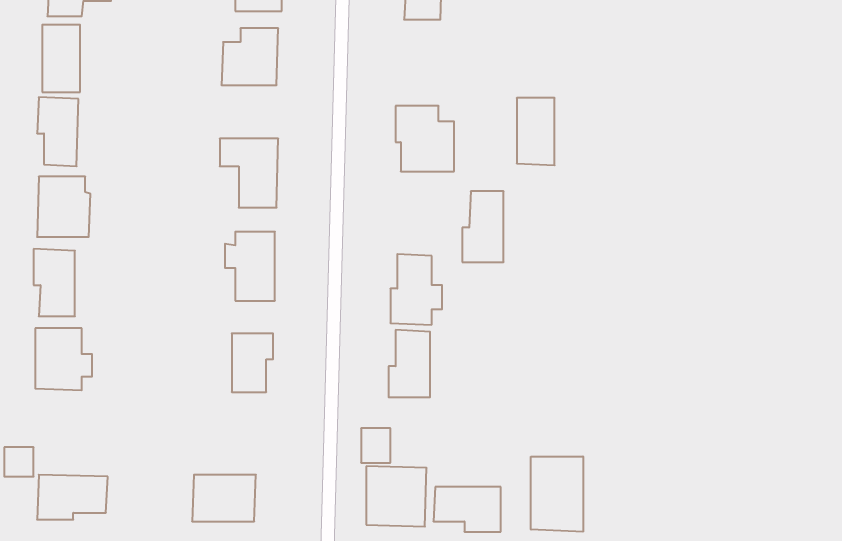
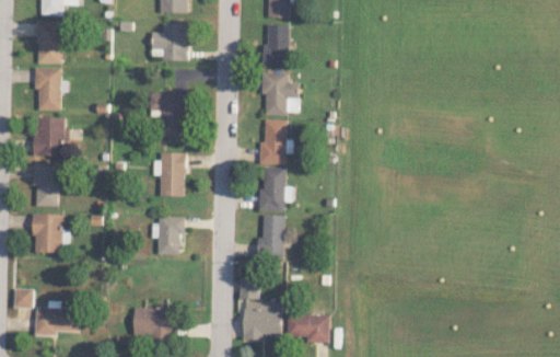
building: [517,98,555,165] -> [265,25,289,68]
building: [462,191,504,262] -> [259,119,285,164]
building: [531,456,583,532] -> none

